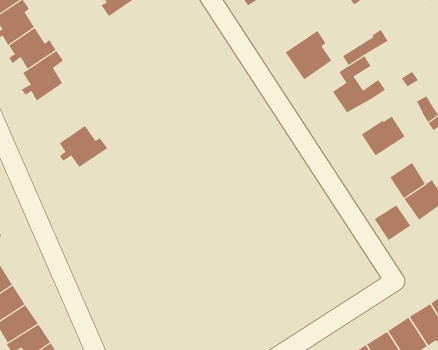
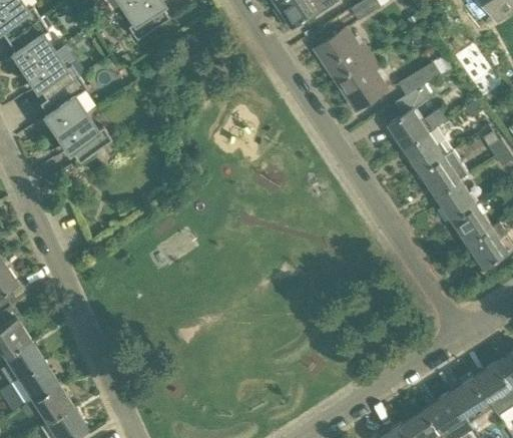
building: none -> [314,28,371,79]
building: none -> [403,132,445,171]
building: [58,124,108,168] -> [54,112,110,161]
building: [374,200,411,241] -> [435,173,477,220]

